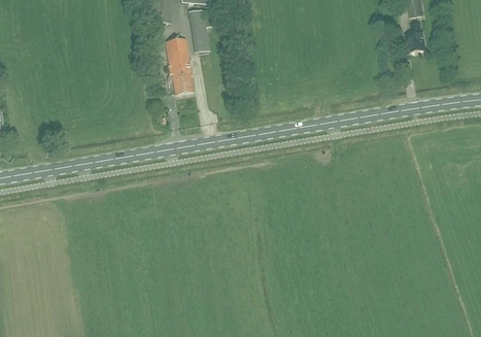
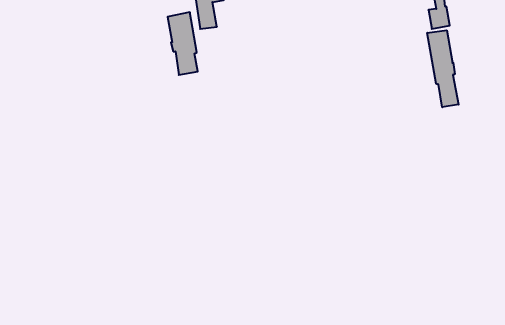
building: none -> [427,30,459,107]

